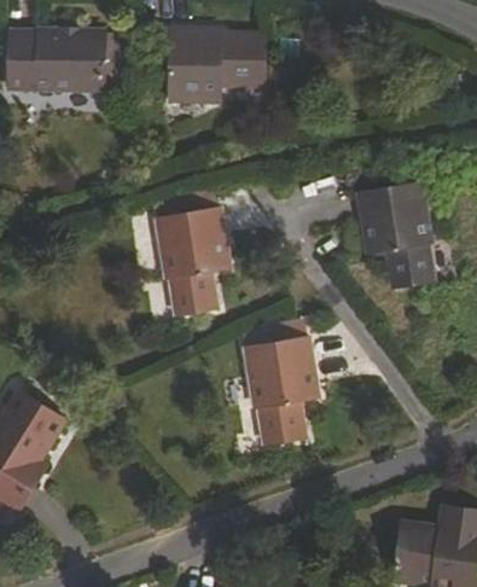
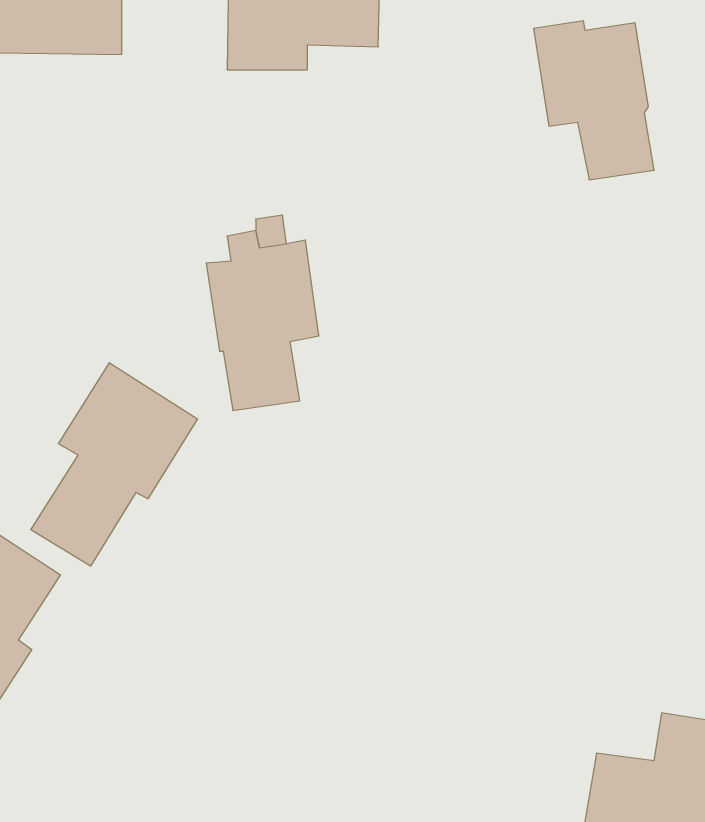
building: [359,186,435,286] -> [534,21,654,180]
building: none -> [31,363,197,566]
building: [245,335,318,442] -> none

